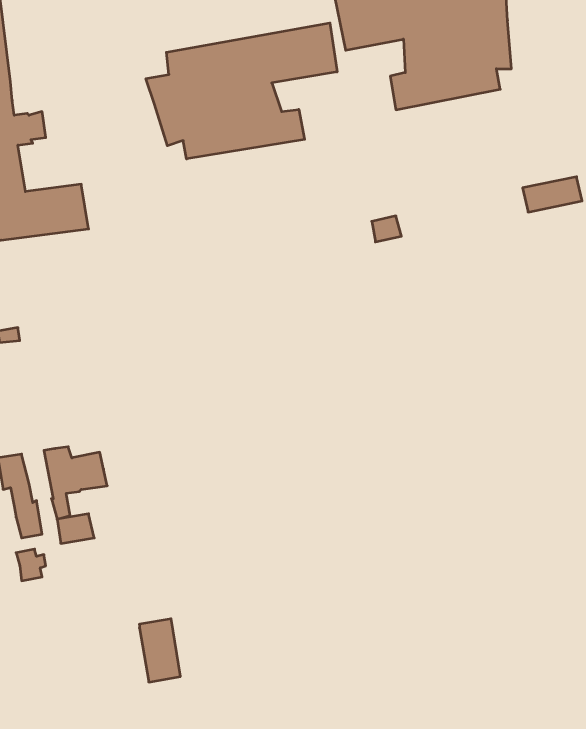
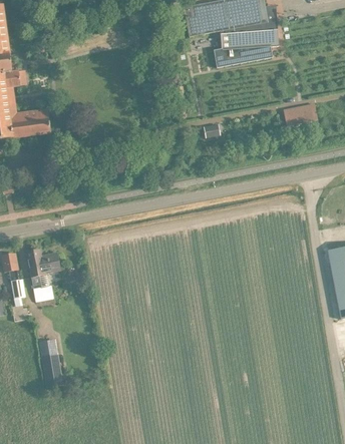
building: [146,23,337,159] -> none
building: [139,619,180,682] -> [40,353,62,387]

